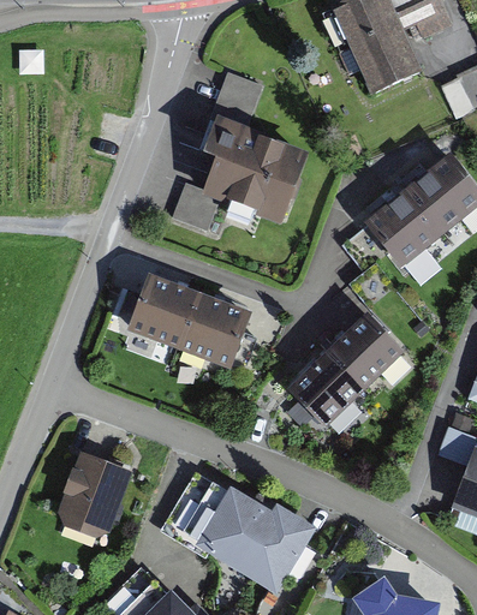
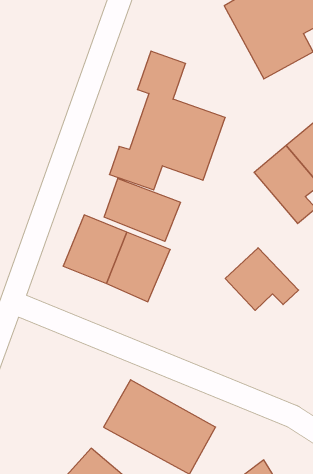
building: none -> [104,178,181,241]
building: [286,352,359,424] -> none
building: [53,454,129,536] -> none

